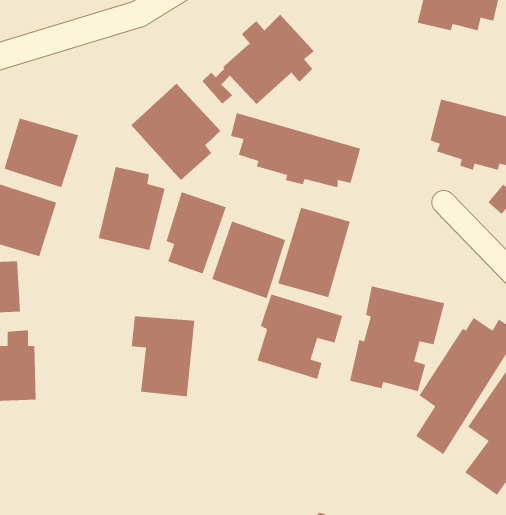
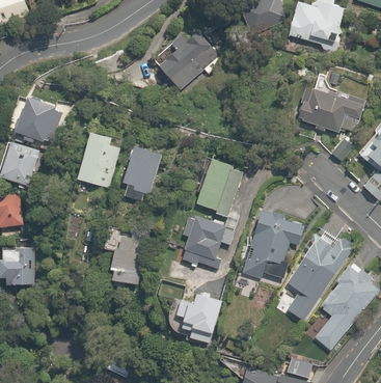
building: [130,83,221,181] -> none
building: [230,112,361,188] -> none
building: [211,221,286,299] -> none
building: none -> [168,289,222,345]

